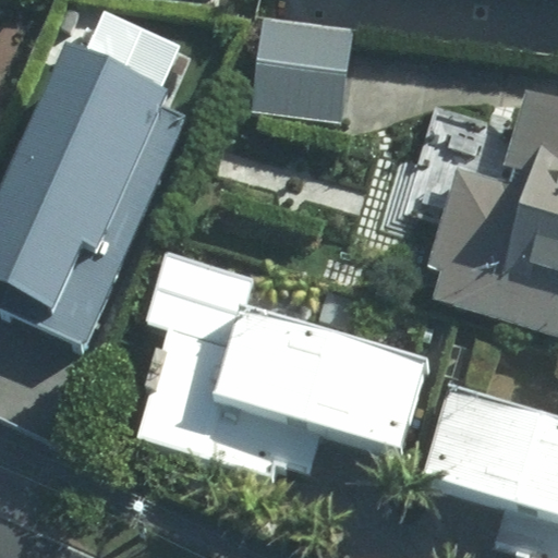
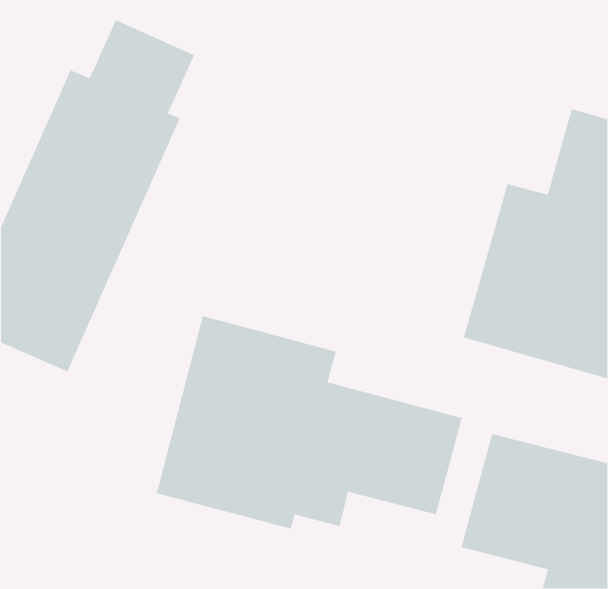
building: [252,16,353,123] -> none

